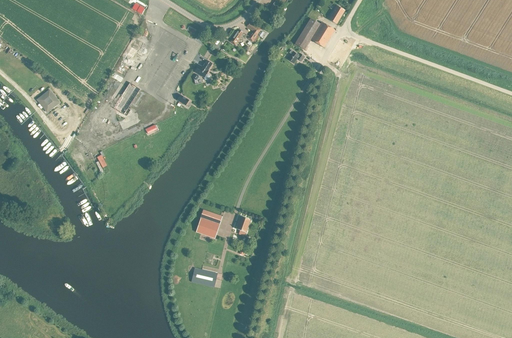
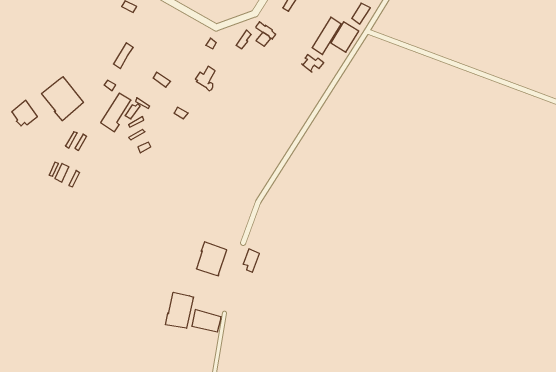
building: none -> [42,77,83,121]
building: none -> [166,292,194,328]

